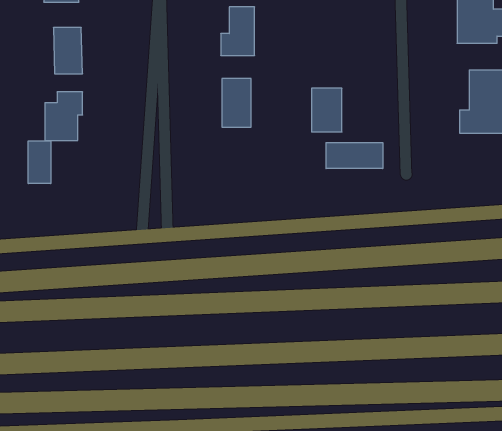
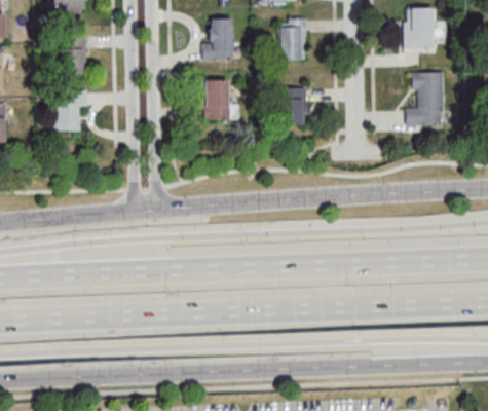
building: none -> [278,18,305,60]
building: [28,141,51,184] -> none
building: [326,143,383,169] -> none

